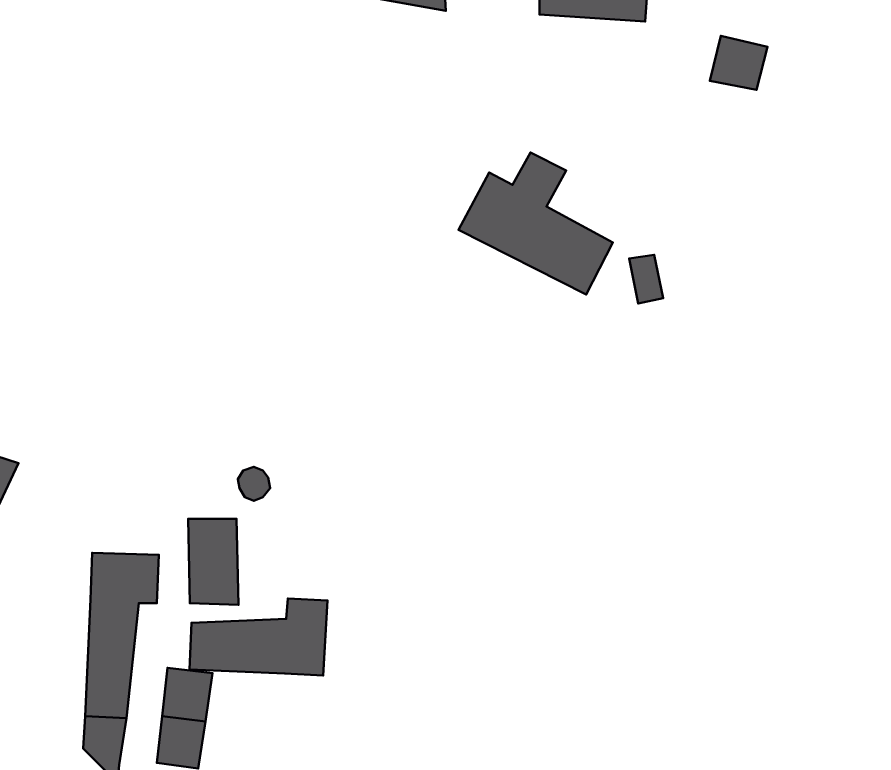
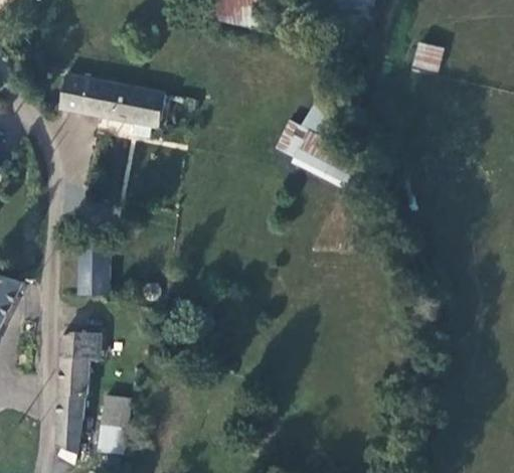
building: none -> [61,72,166,129]
building: [188,519,238,605] -> [80,247,109,295]
building: [189,599,327,675] -> none

